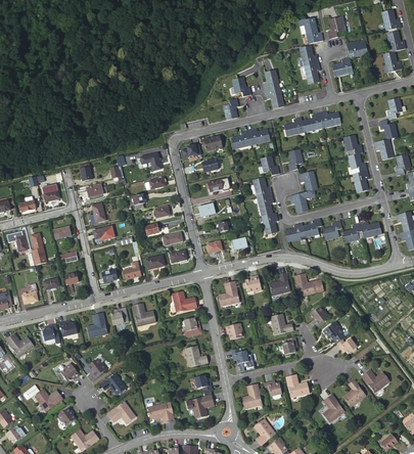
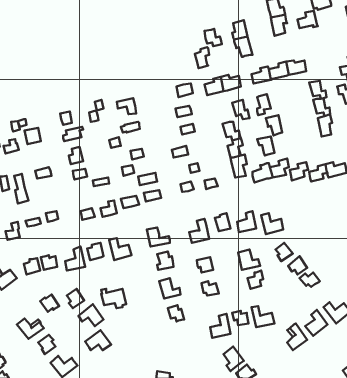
building: [185,389,213,417] -> none
building: [146,400,173,420] -> [101,289,126,308]

